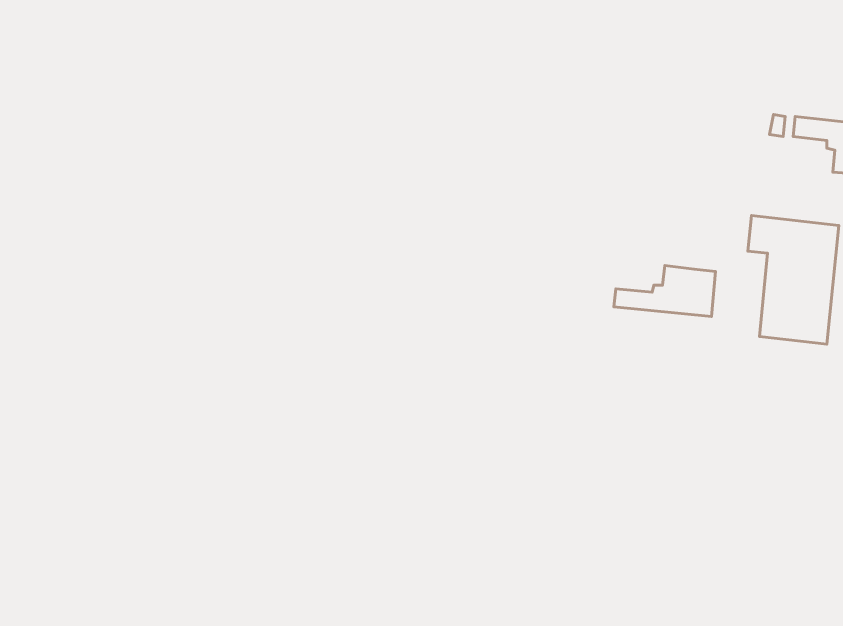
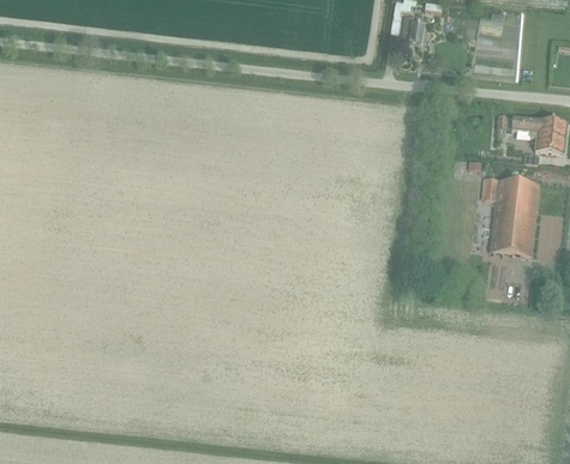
building: [614,265,715,317] -> none

